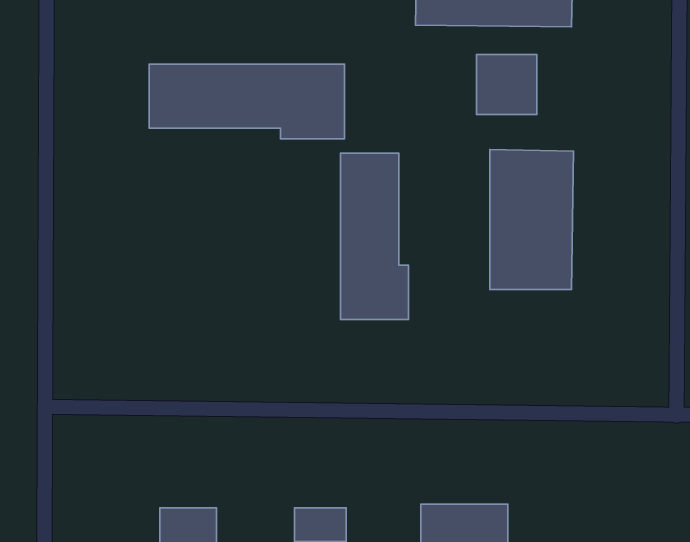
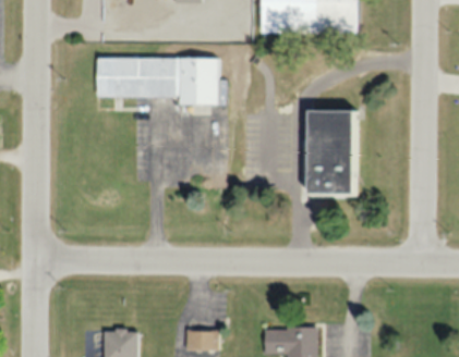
building: [476,55,537,115] -> none
building: [340,153,409,320] -> none

